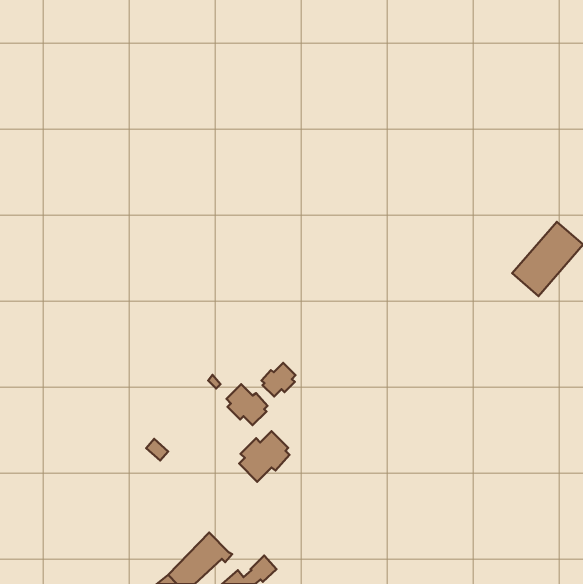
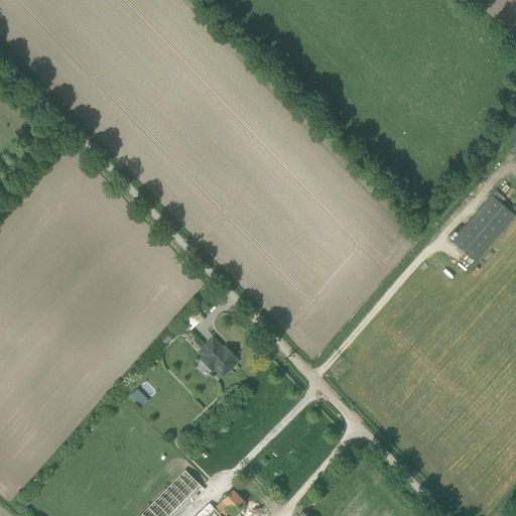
building: [262,363,296,397] -> none
building: [239,431,290,482] -> none

